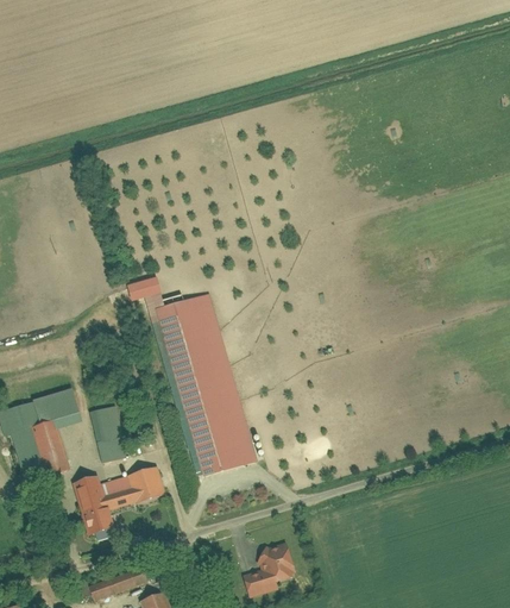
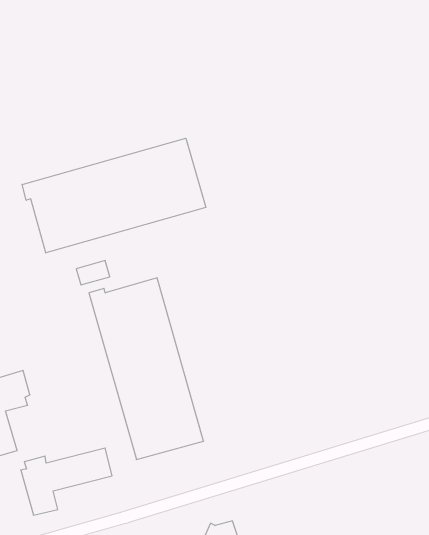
building: none -> [22,138,206,253]
building: [90,406,126,462] -> none

